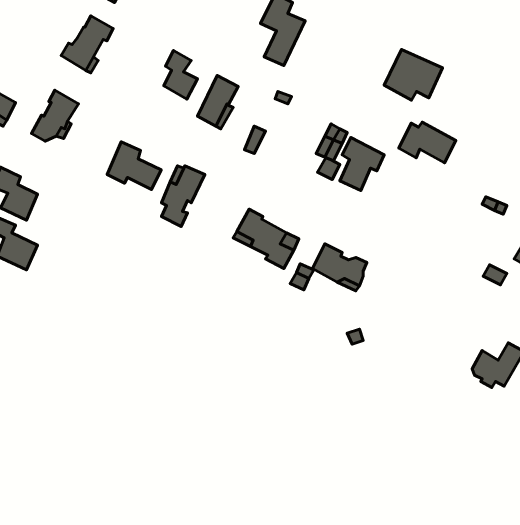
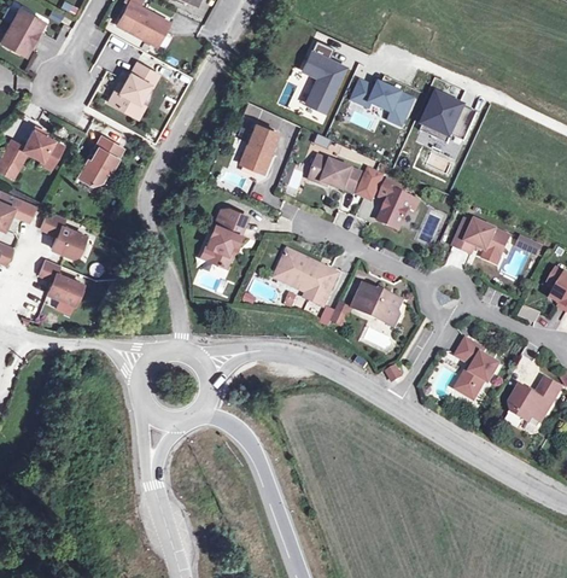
building: none -> [352,71,419,127]
building: [164,50,197,99] -> none
building: none -> [310,154,363,193]
building: [399,122,456,163] -> [452,220,508,259]
building: [107,142,161,190] -> none
building: none -> [454,337,497,396]

